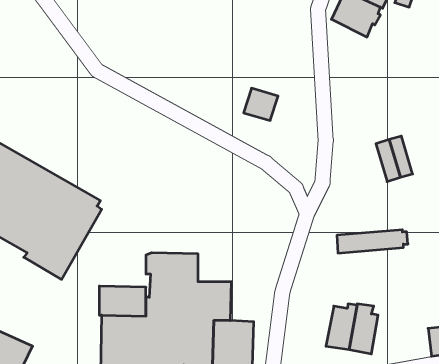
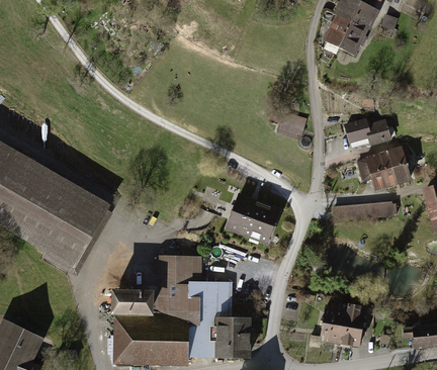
building: [244,88,278,120] -> [275,111,307,141]
building: none -> [342,116,389,144]
building: none -> [386,144,410,182]
building: none -> [224,194,280,247]
building: [337,230,408,253] -> [332,200,397,221]

